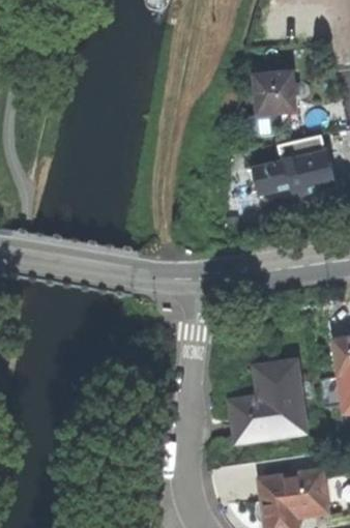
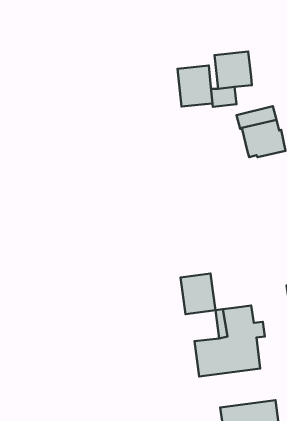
building: none -> [178,66,212,106]
building: [252,159,289,194] -> none
building: none -> [181,273,216,314]

